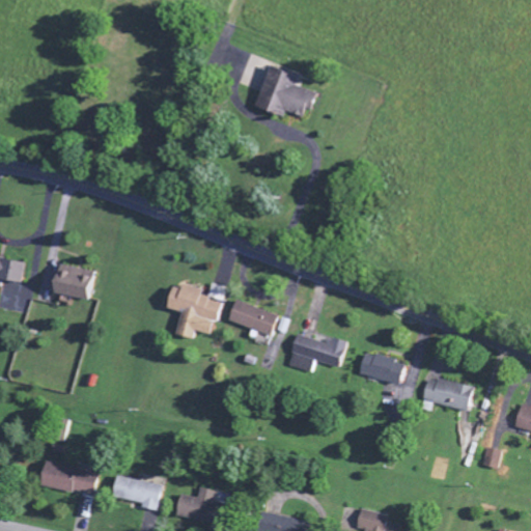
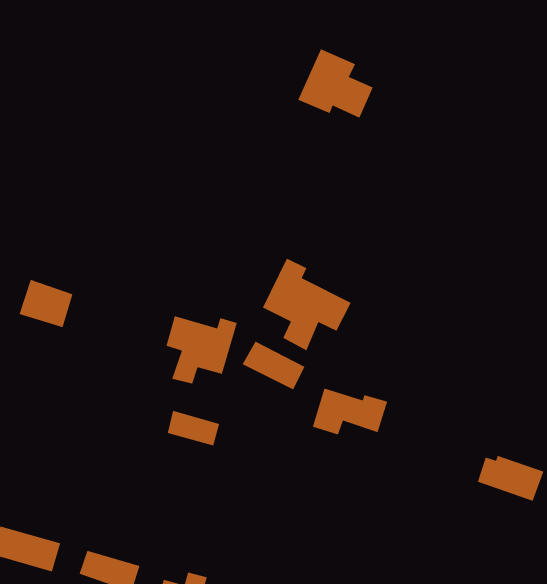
building: none -> [262,257,352,351]
building: [360,351,409,384] -> none
building: none -> [167,410,220,447]

